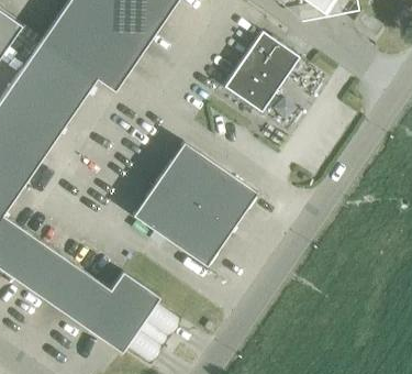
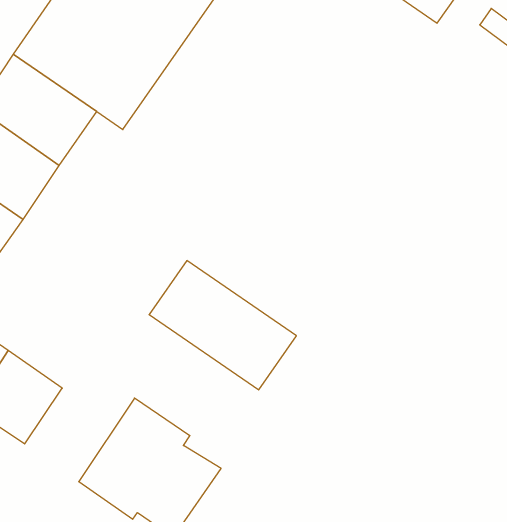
building: [223,31,299,112] -> none
building: [157,141,257,229] -> none
building: [48,264,110,327] -> none

